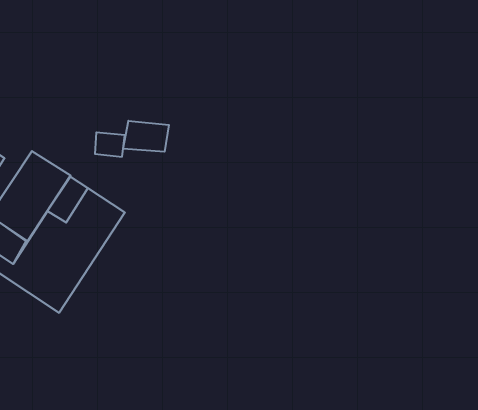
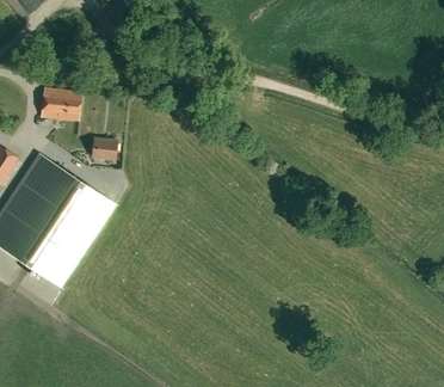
building: none -> [41,87,81,121]
building: [123,121,169,152] -> none

